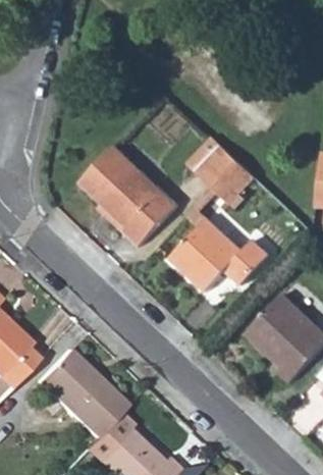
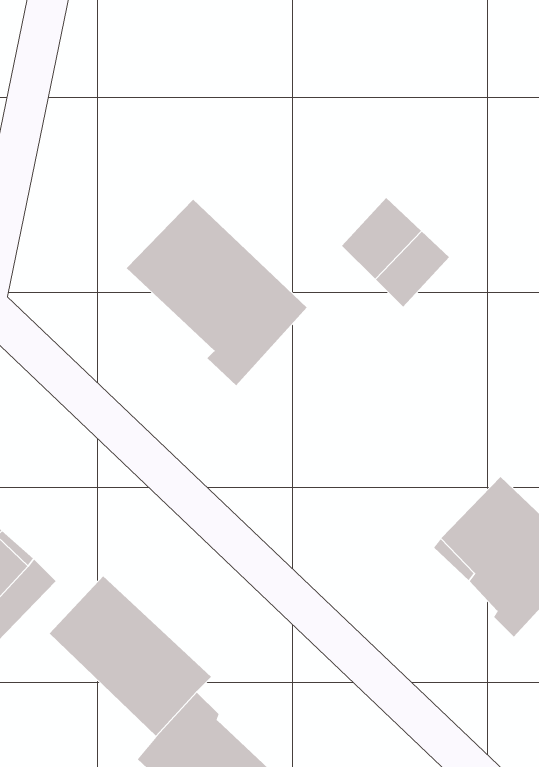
building: [172,218,270,292] -> none

